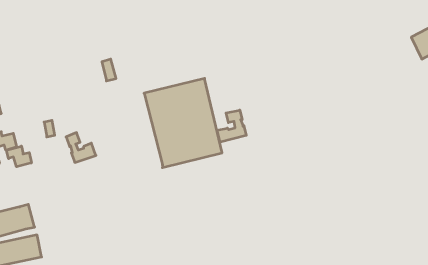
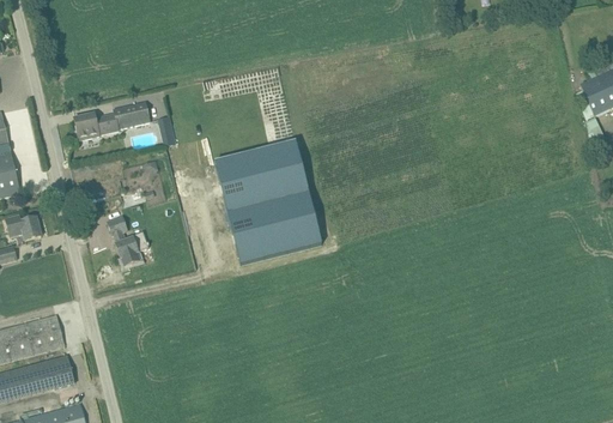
building: none -> [74,101,151,139]
building: [217,110,246,142] -> none
building: [6,146,31,167] -> none

